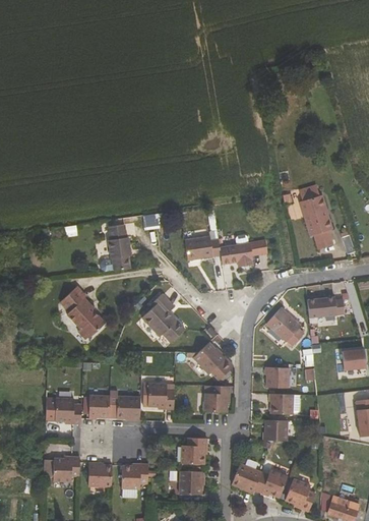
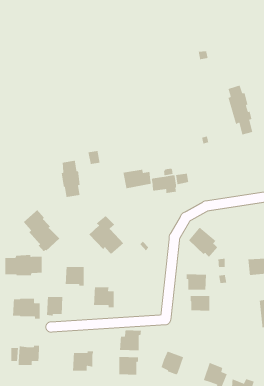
building: [301,187,333,251] -> [227,84,253,136]
building: [307,296,336,317] -> none
building: [186,342,227,374] -> none
building: none -> [4,254,43,276]
building: [203,386,231,412] -> none
building: [116,396,140,421] -> [65,266,84,287]
building: [262,419,288,440] -> none
building: [87,462,112,487] -> none
building: [254,468,288,499] -> none

